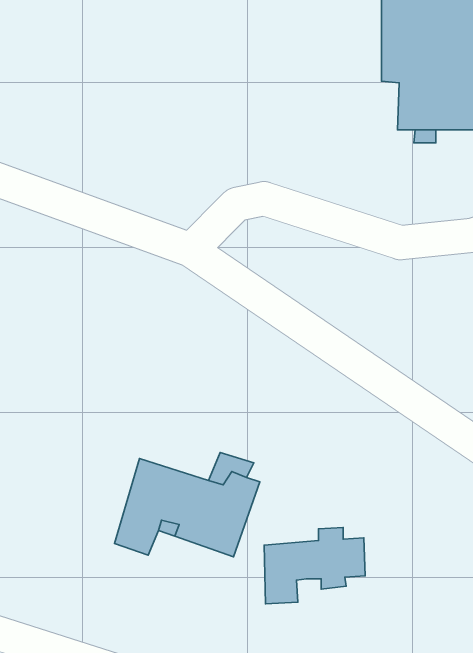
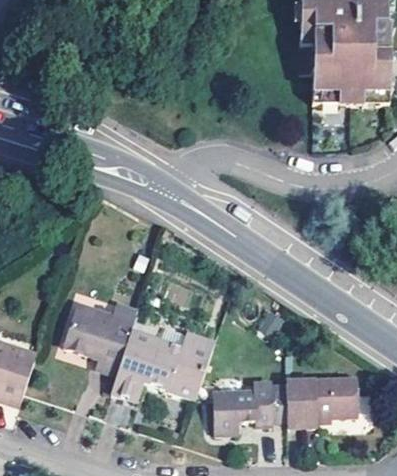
building: none -> [64,300,136,370]
building: none -> [287,377,357,426]

